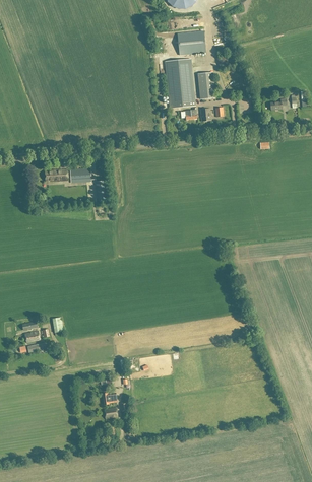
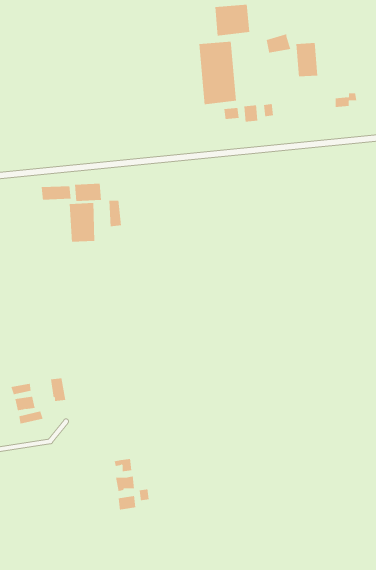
building: [197,72,214,98] -> [296,43,318,77]
building: none -> [69,202,95,243]

